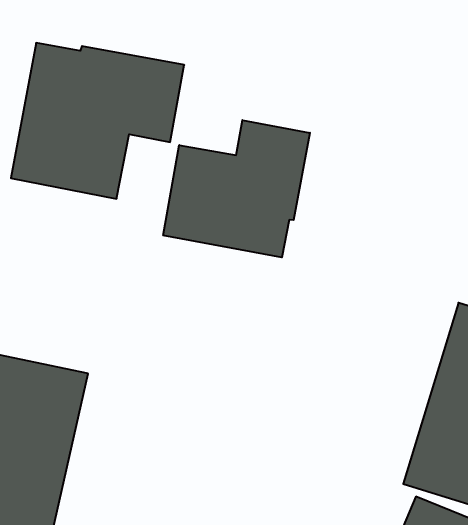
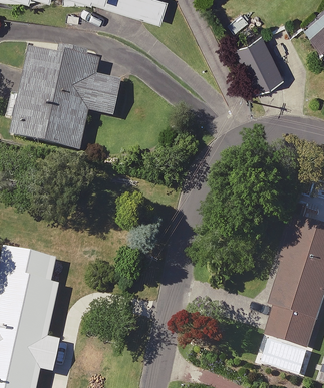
building: none -> [234,39,279,89]
building: [163,120,310,257] -> none

